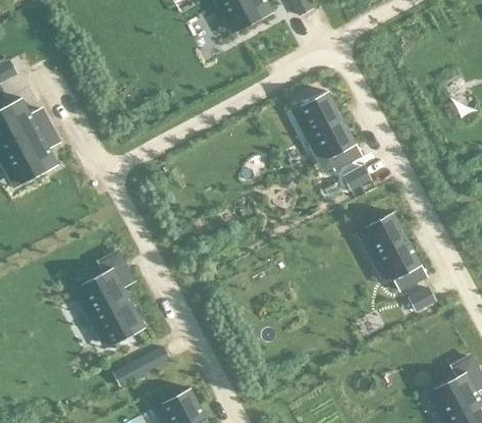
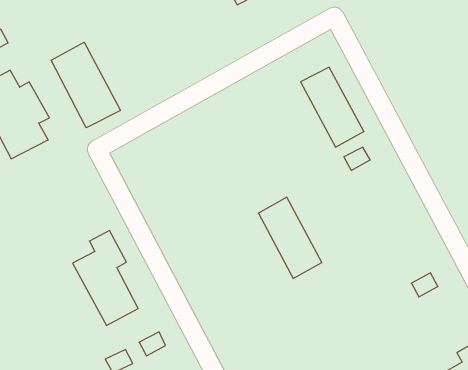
building: none -> [51,42,120,128]
building: [364,213,425,292] -> [258,197,322,278]

